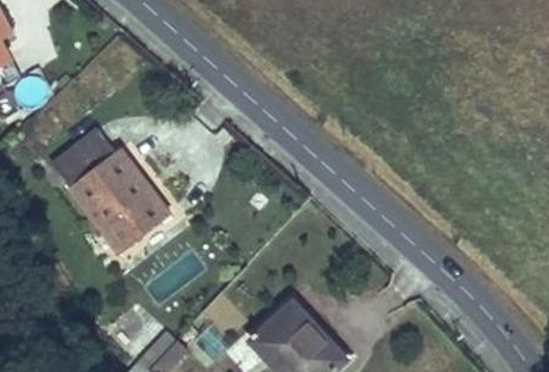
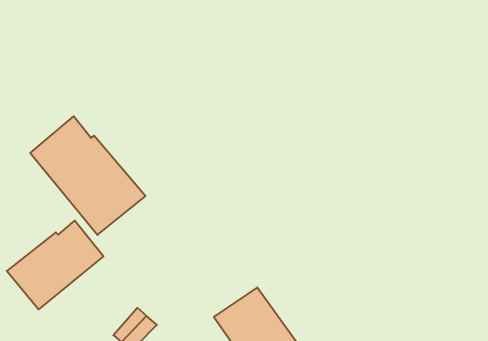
building: none -> [7,221,103,309]

